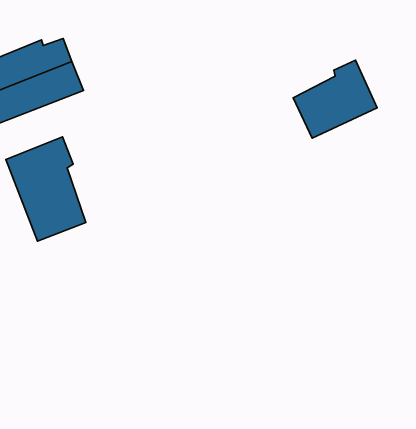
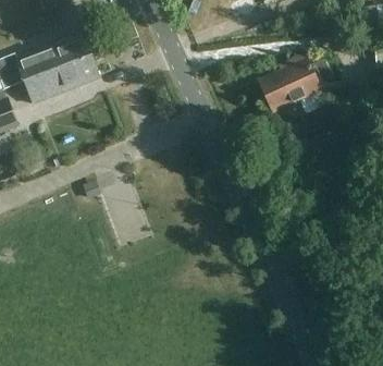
building: [6,137,86,241] -> none

